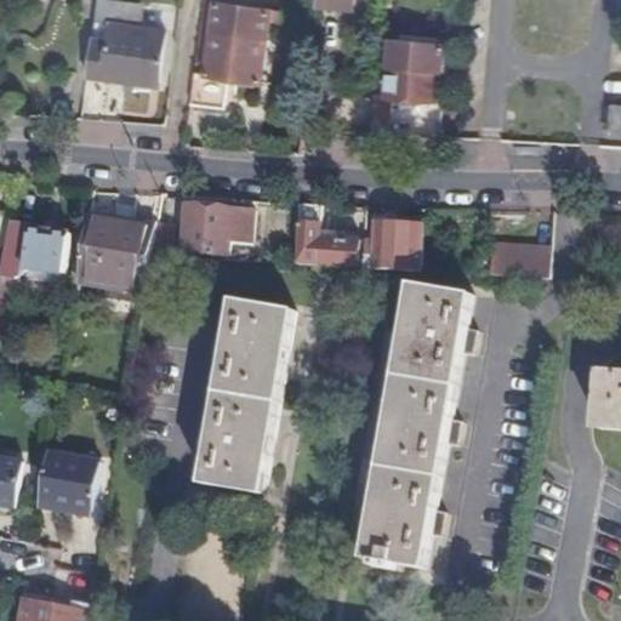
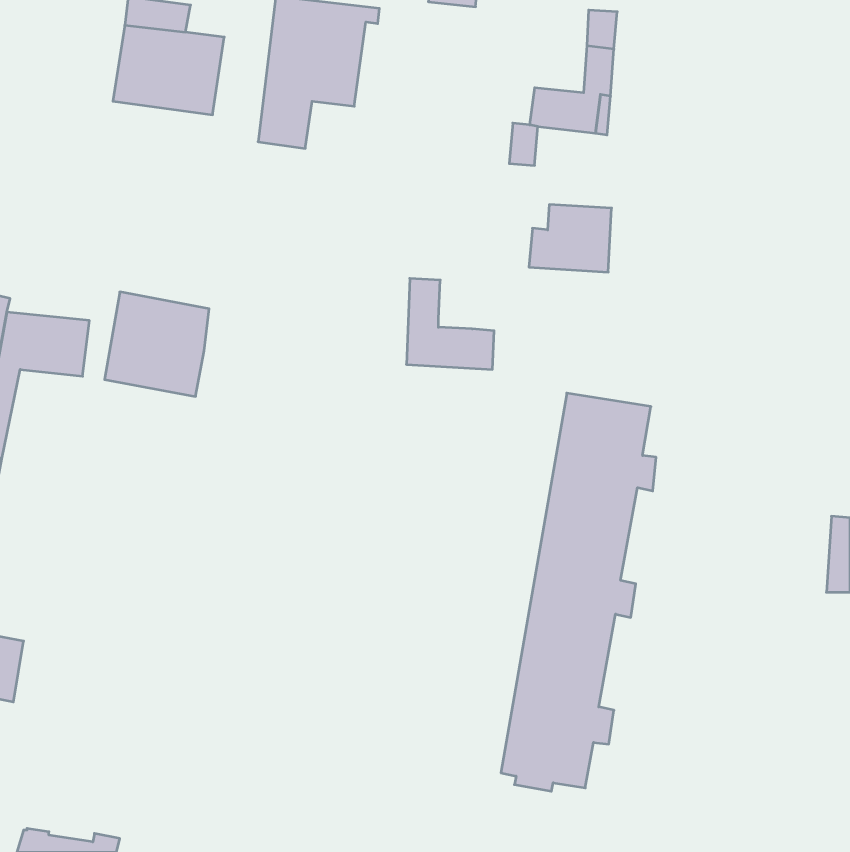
building: [147,203,250,255] -> none
building: [358,221,417,269] -> [529,205,612,272]
building: [486,241,546,277] -> none
building: [194,298,290,491] -> none
building: [34,450,97,509] -> none

